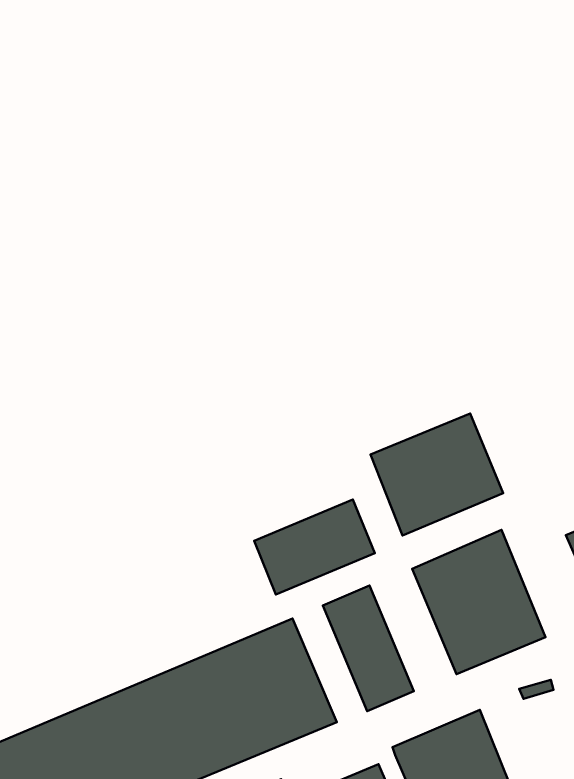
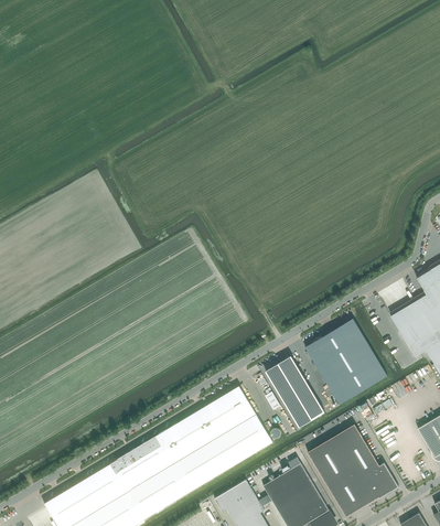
building: [371,414,503,535] -> none
building: [254,499,375,594] -> none

